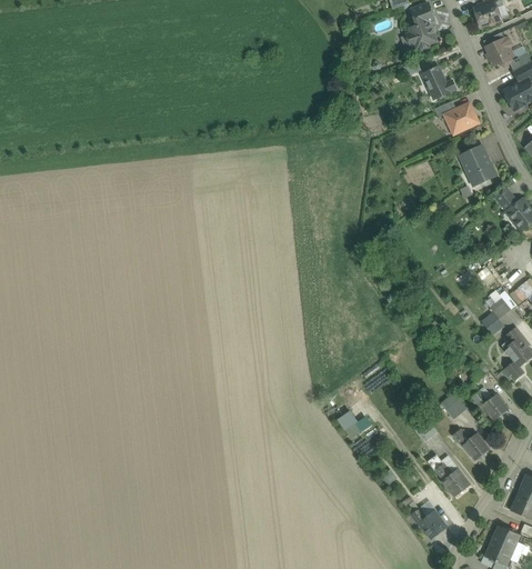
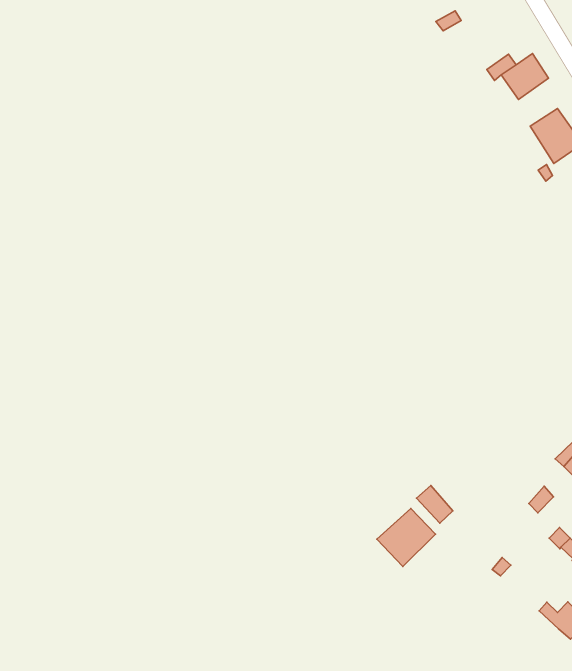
building: [422,66,456,99] -> none
building: none -> [377,509,436,567]

